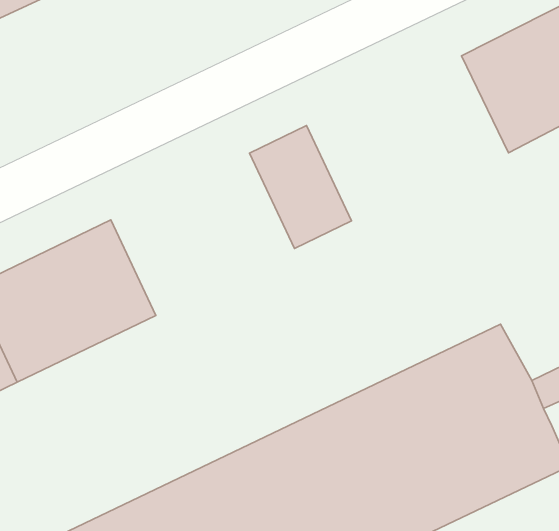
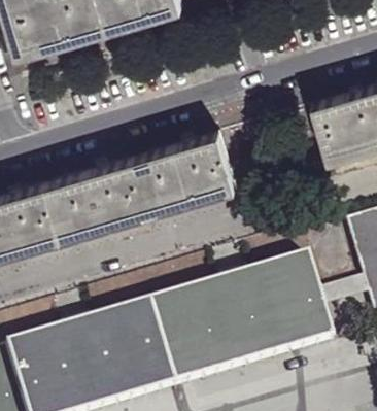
building: none -> [101,139,200,220]

